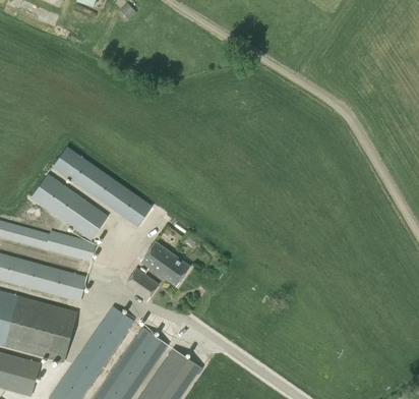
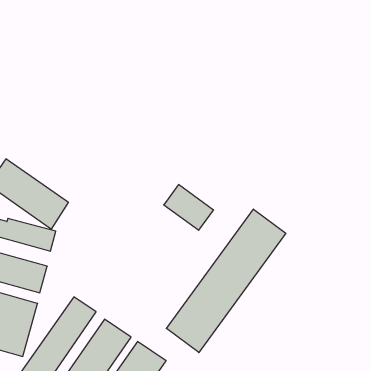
building: [53,147,153,227] -> none
building: none -> [166,209,286,353]
building: [141,242,189,286] -> [164,185,214,230]
building: [123,268,160,302] -> none

